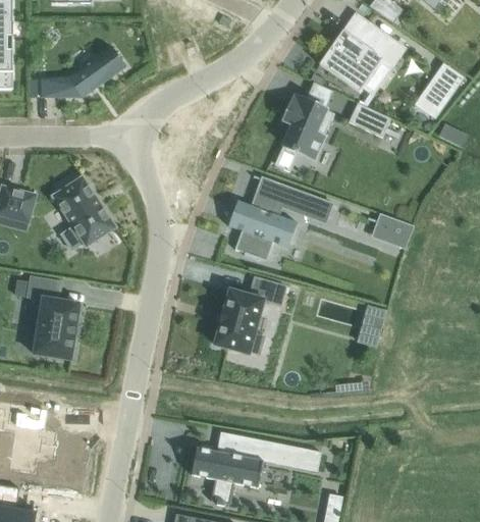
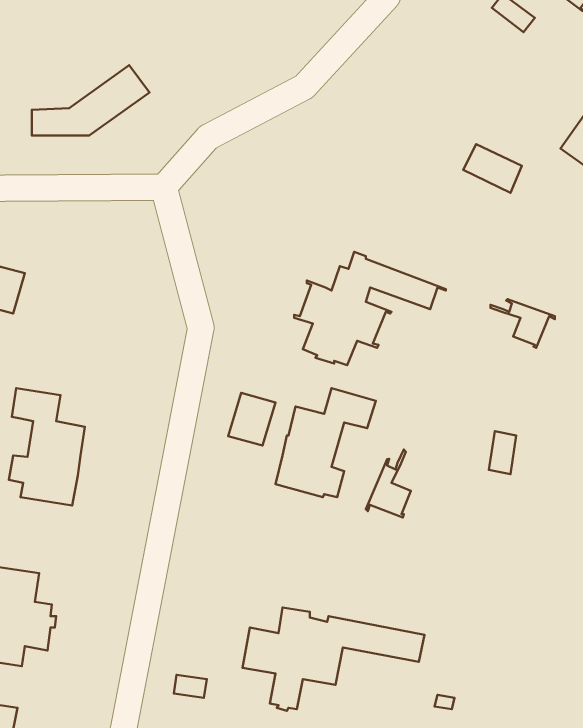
building: [318,21,406,92] -> none
building: [280,95,333,157] -> none
building: [51,175,115,250] -> none
building: none -> [228,393,276,446]
building: none -> [366,450,411,517]

